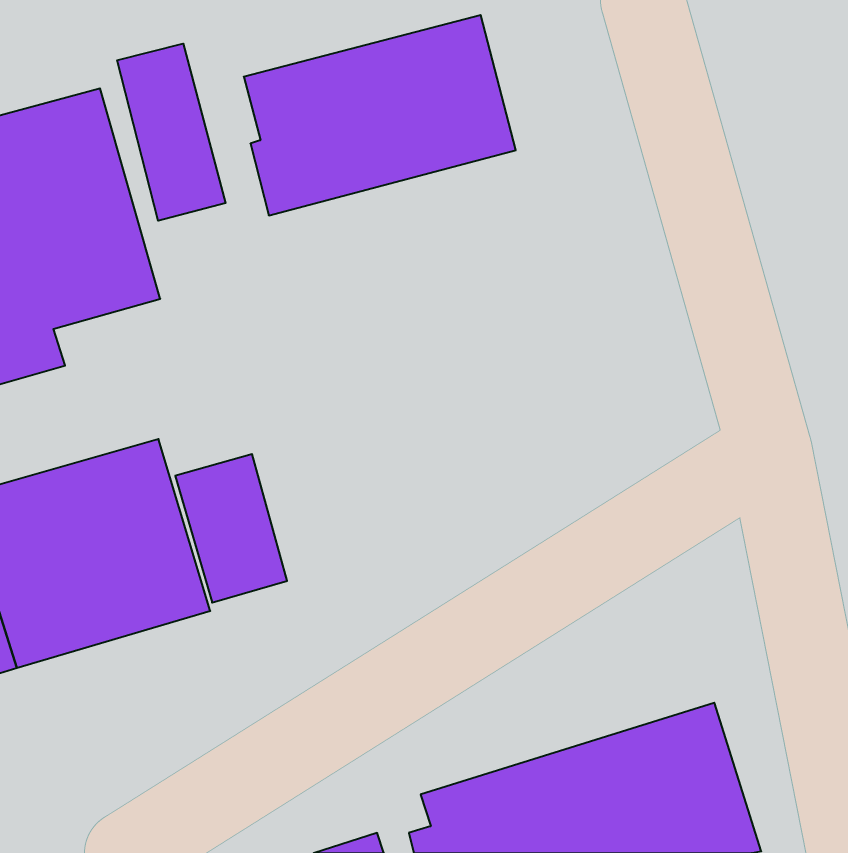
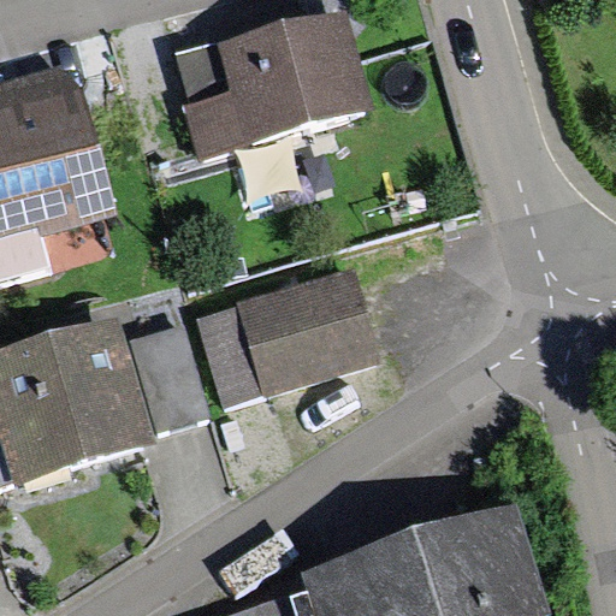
building: [117,44,226,221] -> none
building: none -> [196,276,374,408]

